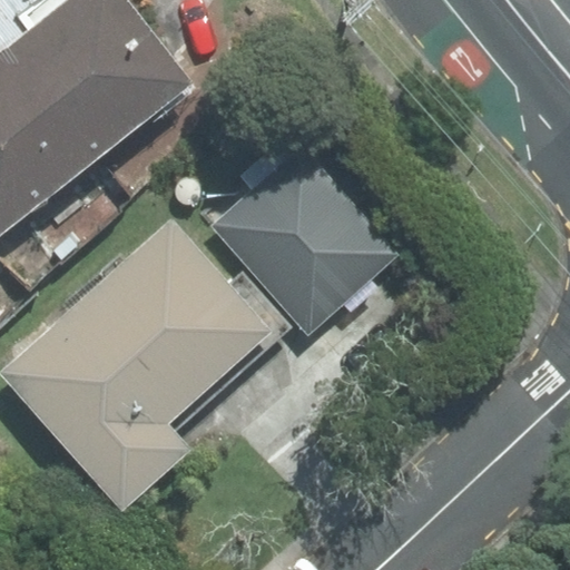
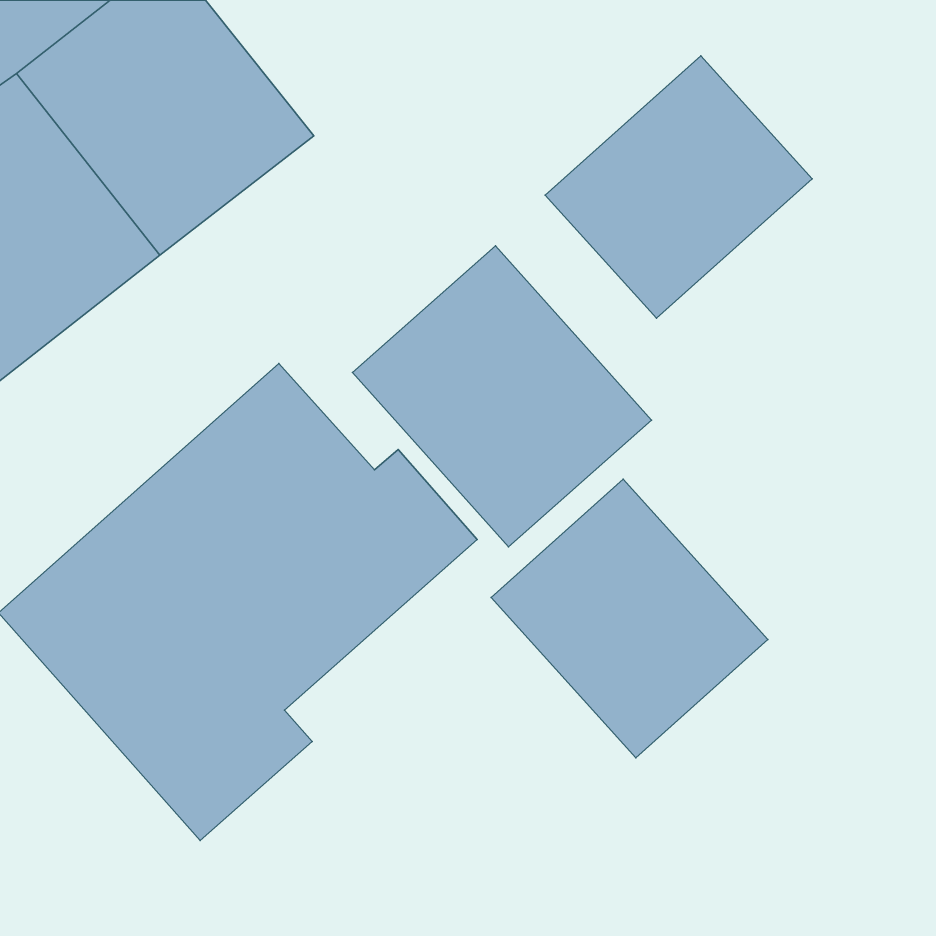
building: none -> [545,56,812,318]
building: none -> [491,479,768,758]

